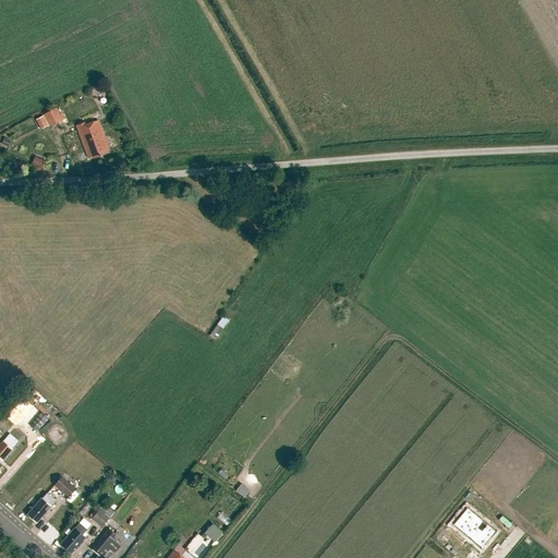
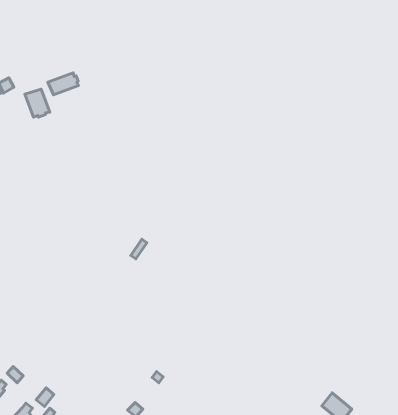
building: none -> [48,73,79,95]

